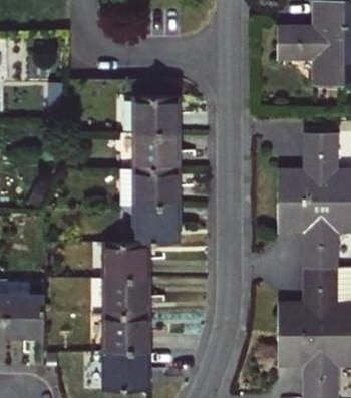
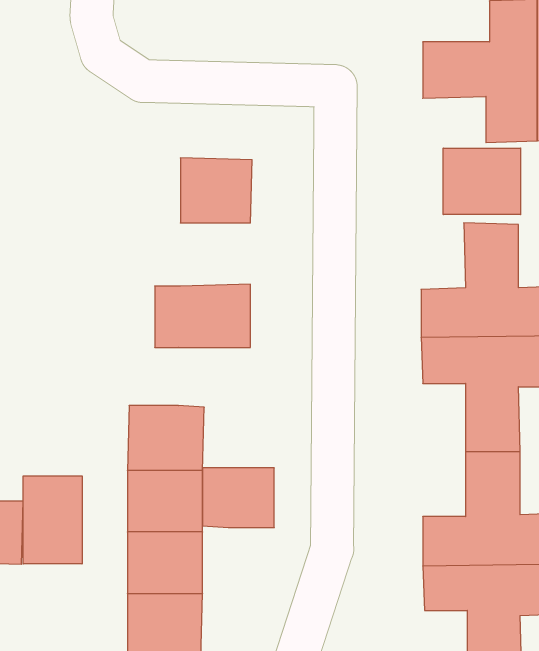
building: none -> [443,148,521,215]
building: [136,133,178,170] -> none
building: [135,207,178,242] -> [203,468,274,528]
building: none -> [23,476,82,564]

